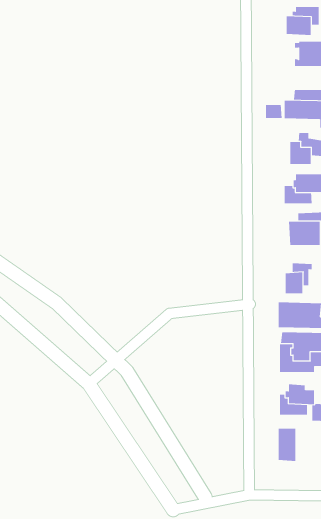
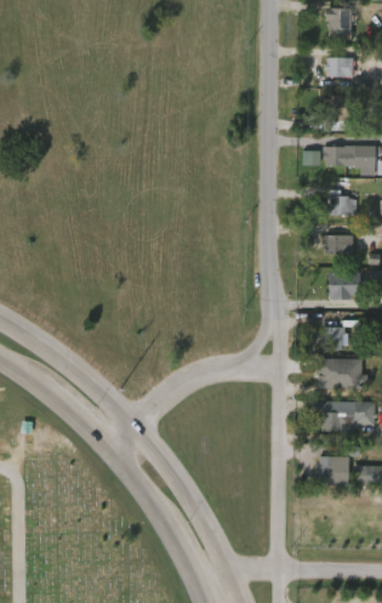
building: [278,428,296,462] -> none

